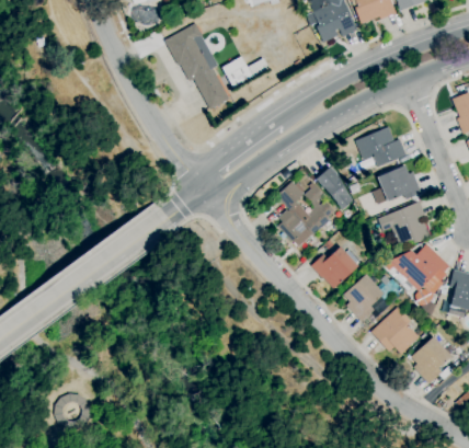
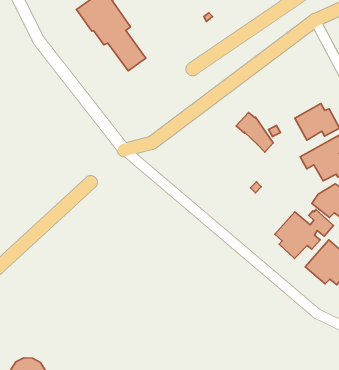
building: [221,56,270,89] -> none
building: [355,126,407,168] -> none
building: [276,181,334,246] -> none
building: [311,246,359,288] -> none

